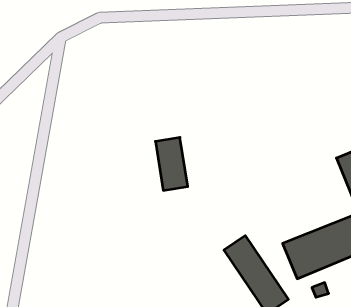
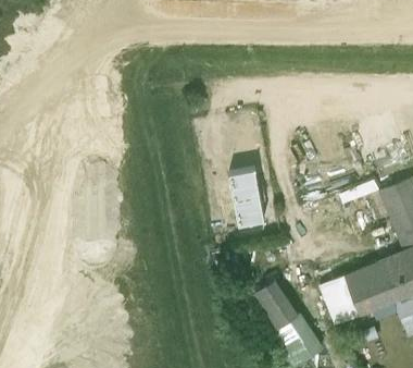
building: [155,137,188,190] -> [227,169,263,228]

